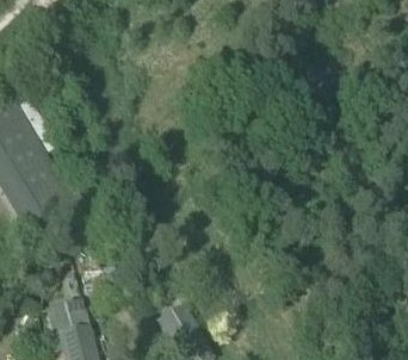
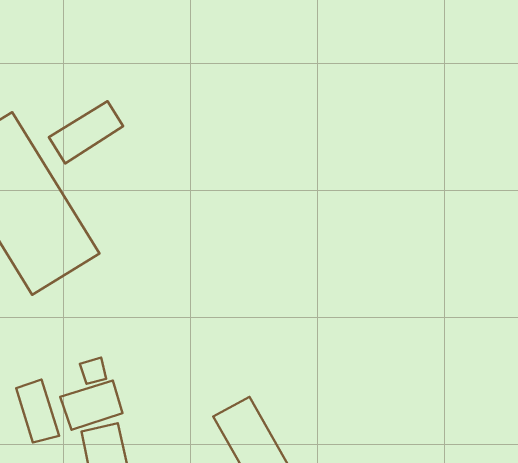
building: none -> [49,101,123,163]
building: none -> [16,380,59,443]

